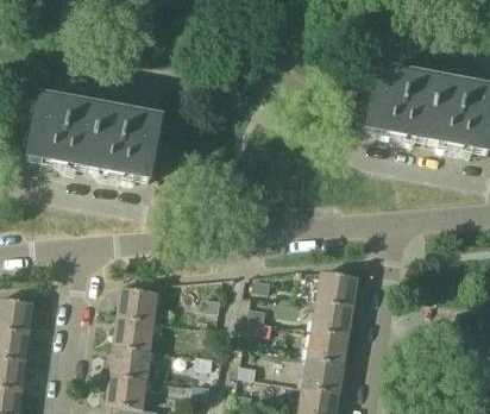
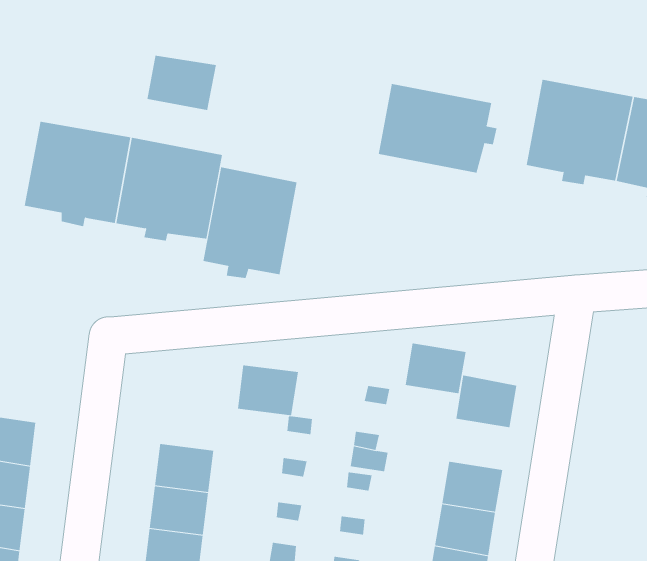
building: none -> [147,55,216,111]
building: none -> [378,83,497,173]
building: none -> [203,167,297,279]
building: [117,286,158,320] -> [237,365,299,416]
building: [312,299,353,333] -> [405,343,466,394]

